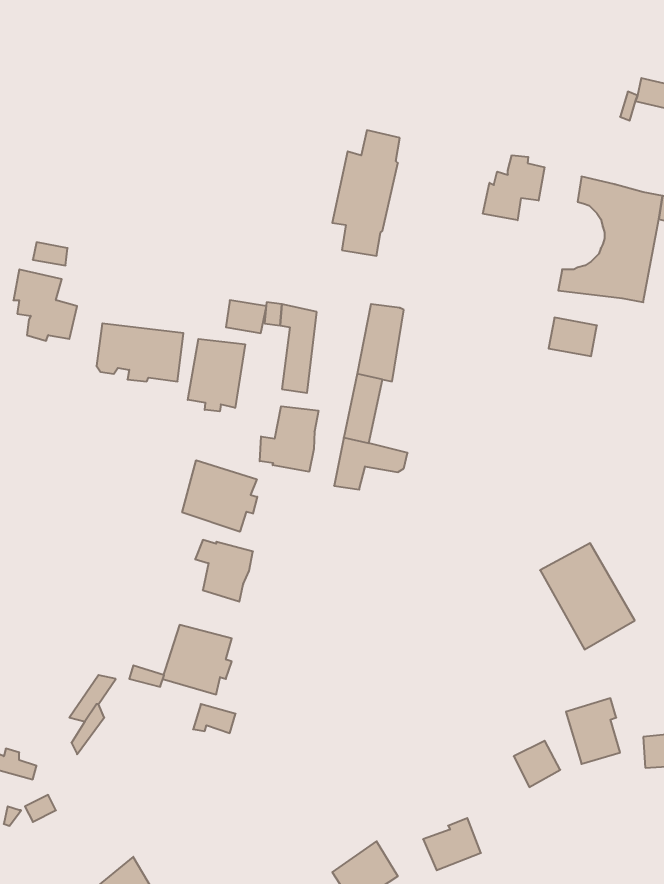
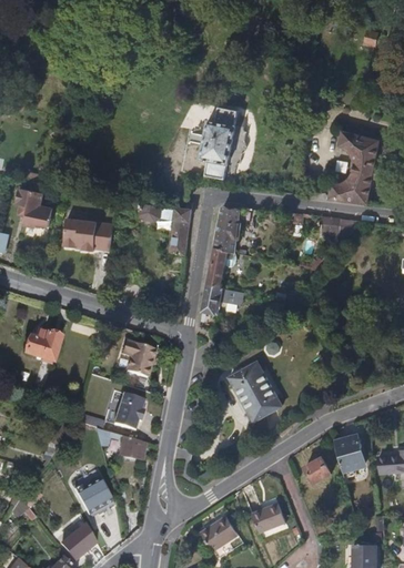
building: [483,155,545,220] -> none
building: [188,339,245,411] -> none
building: [260,406,318,472] -> none
building: [182,460,257,532] -> none
building: none -> [27,328,61,364]
building: [540,543,635,649] -> [228,361,282,422]
building: none -> [74,478,113,515]

